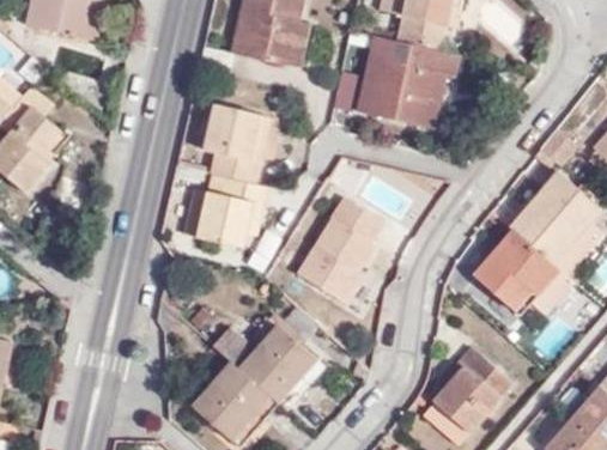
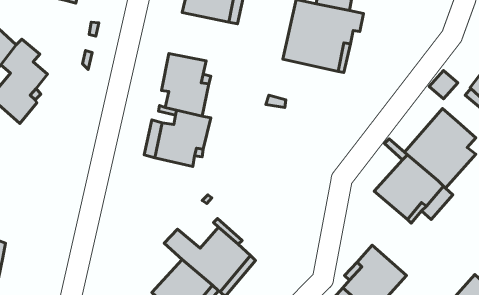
building: [296,196,383,303] -> none

